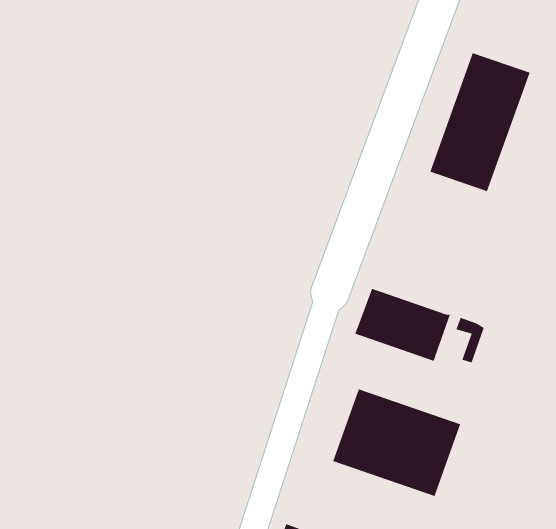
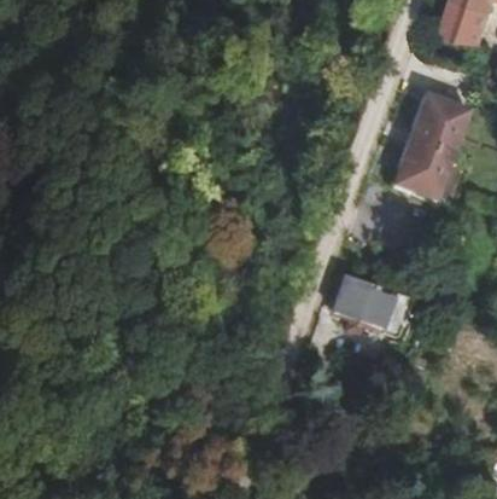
building: [333,389,461,497] -> none

